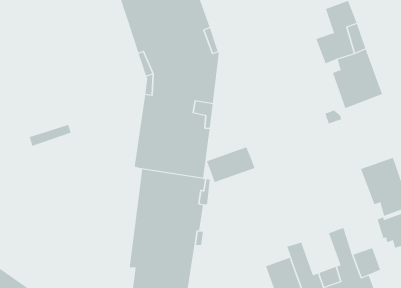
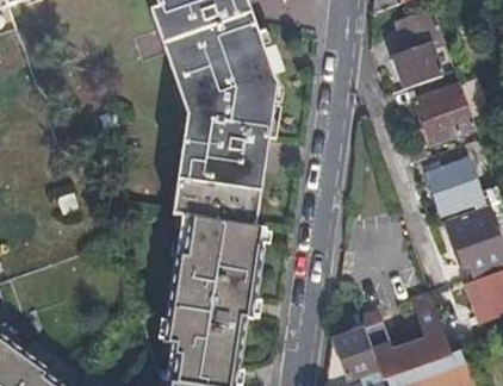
building: none -> [424,157,480,212]
building: [206,146,255,183] -> none

